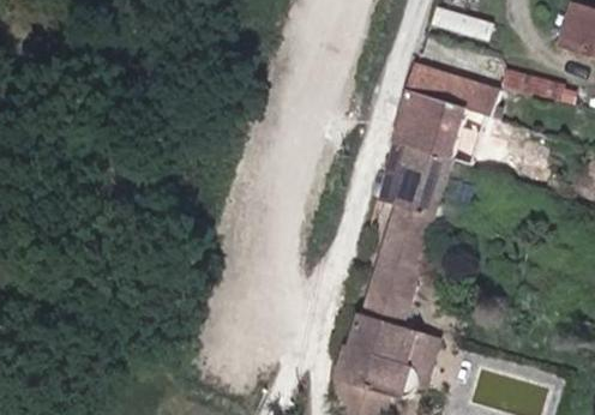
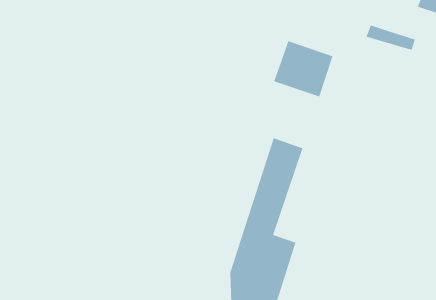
building: [410,61,505,119] -> none
building: [372,140,450,222] -> none

